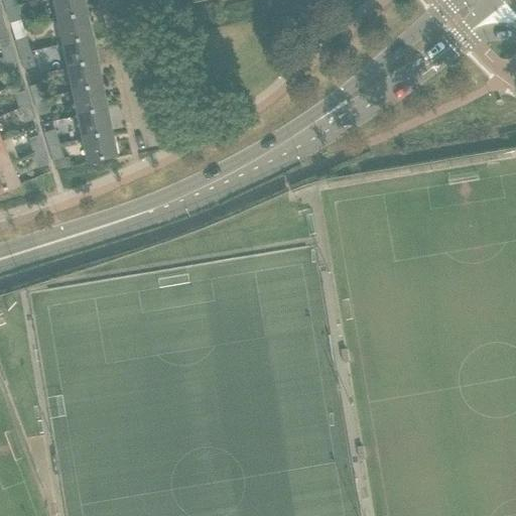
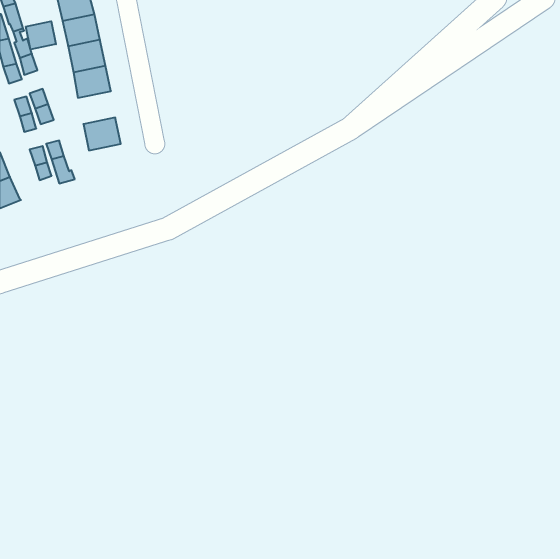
building: none -> [26,21,56,49]
building: [72,84,106,114] -> none
building: [82,132,116,161] -> none

